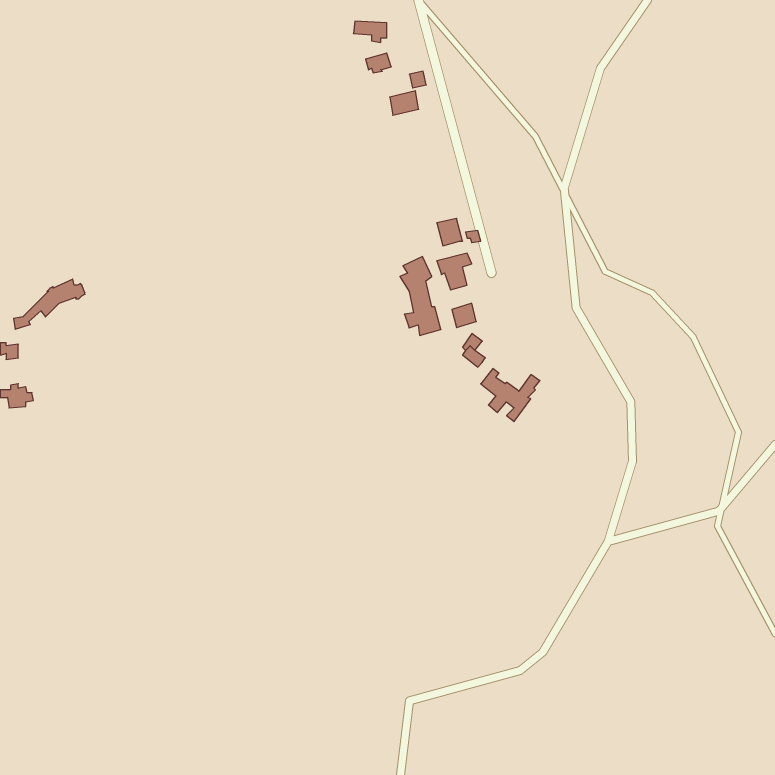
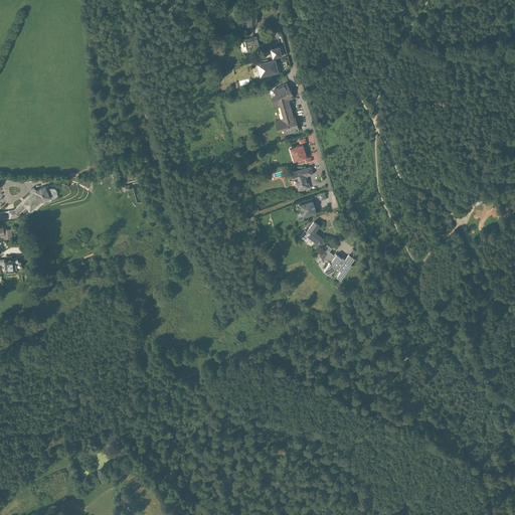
building: [400,257,441,335] -> [272,83,299,136]

